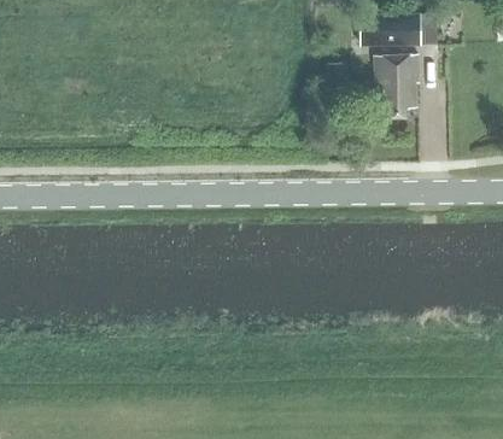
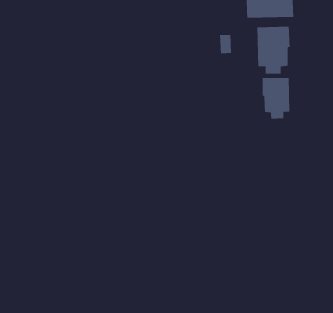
building: none -> [262,77,290,120]

